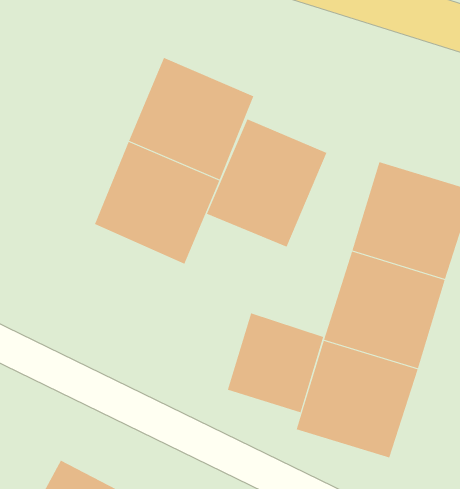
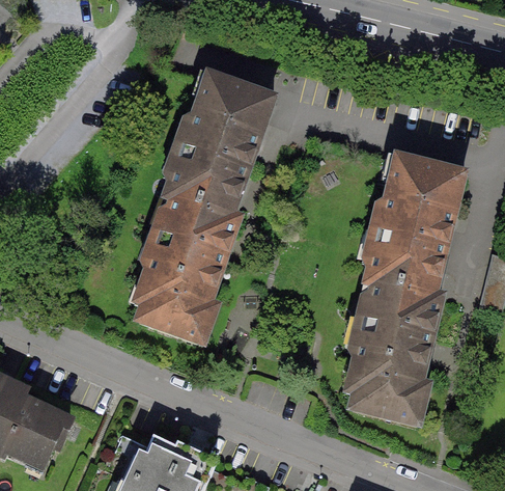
building: [206,118,327,247] -> none
building: none -> [119,227,227,332]
building: [227,313,324,413] -> none

